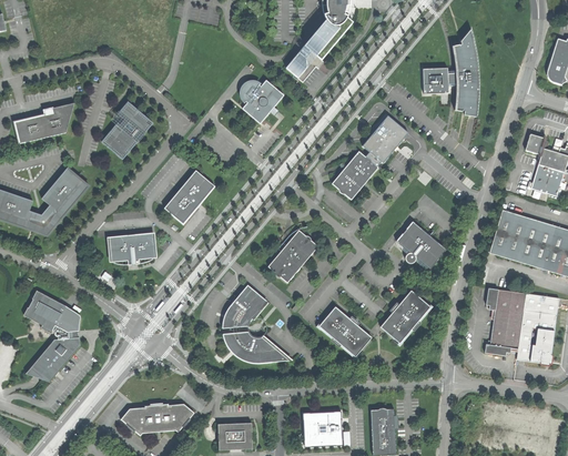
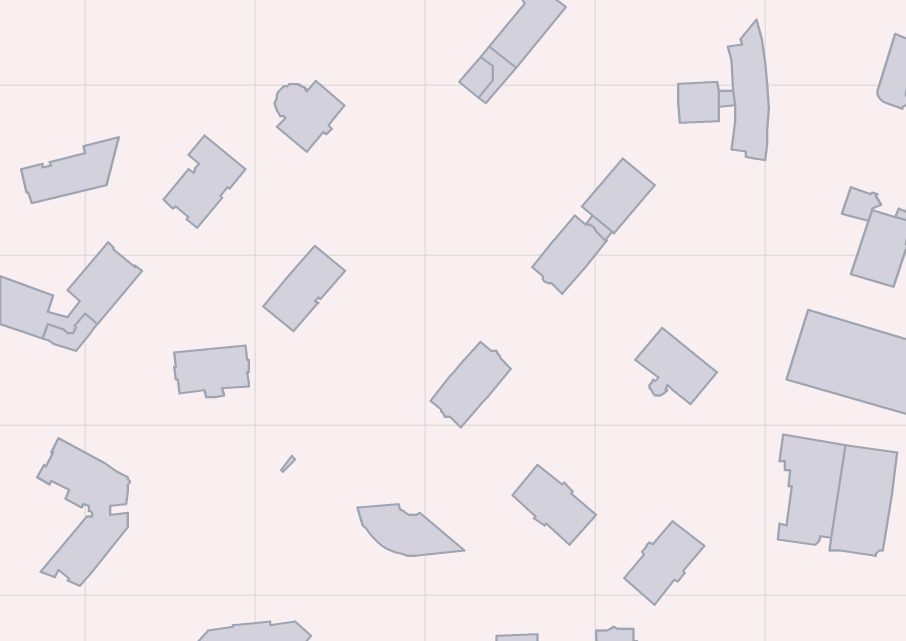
building: [241,79,284,123] -> [275,81,344,152]
building: [223,284,267,327] -> none
building: [382,291,432,343] -> [624,521,704,605]

